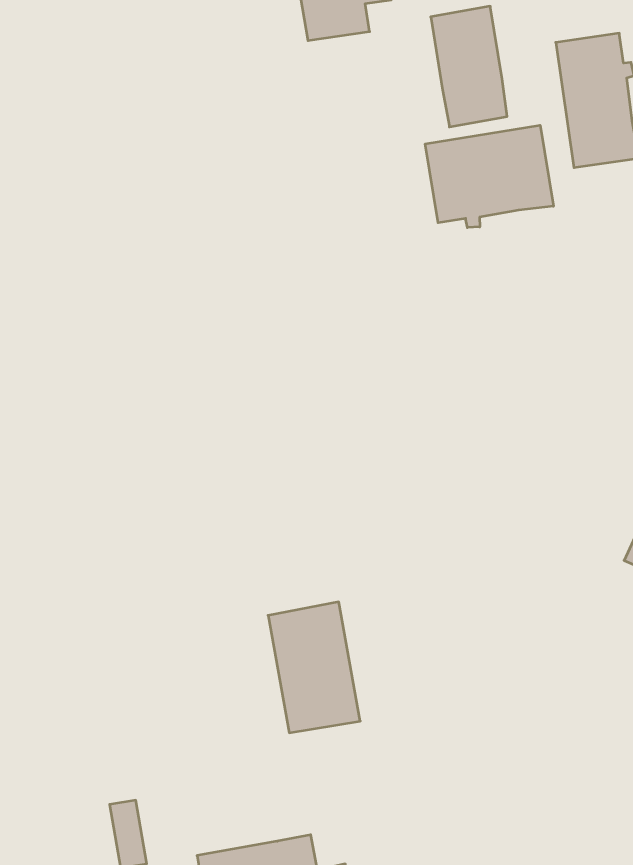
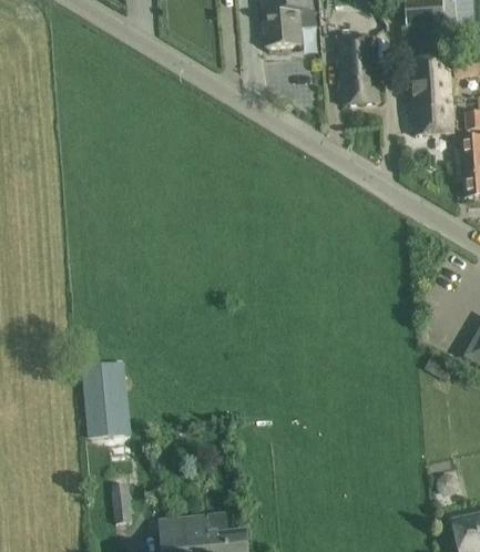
building: [425,125,553,228] -> none
building: [268,602,360,733] -> [82,359,131,433]

